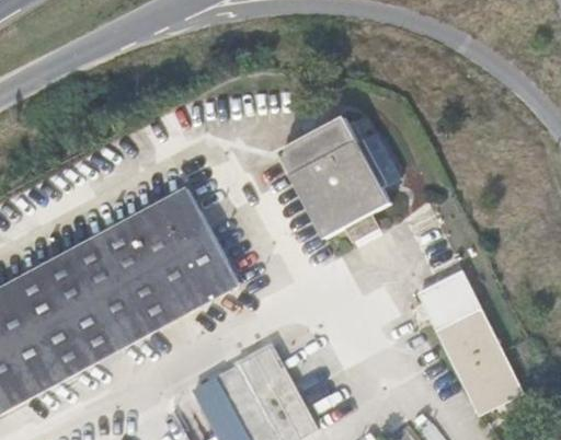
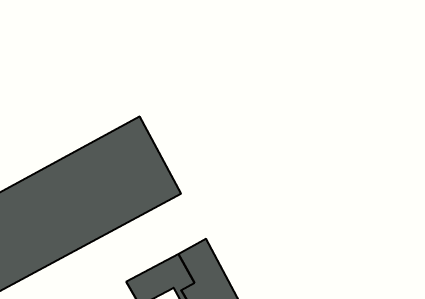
building: [278,116,392,242] -> none
building: [417,270,523,416] -> none

